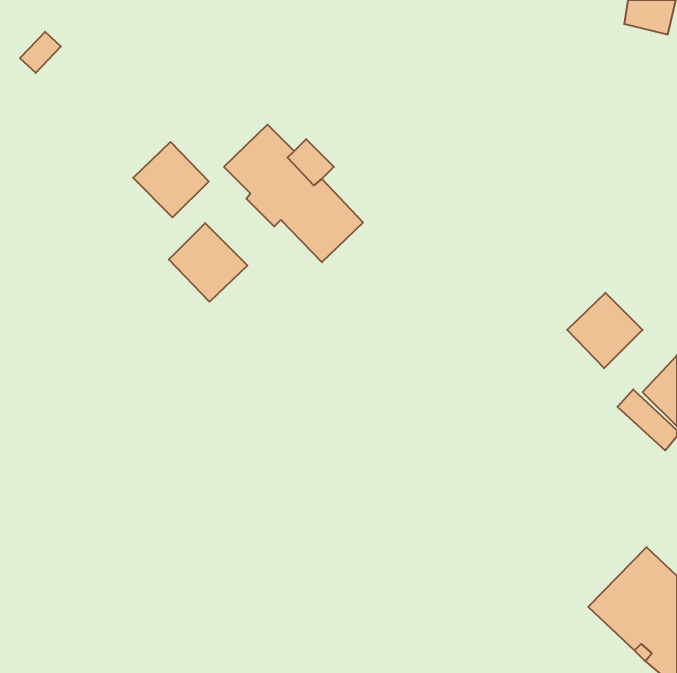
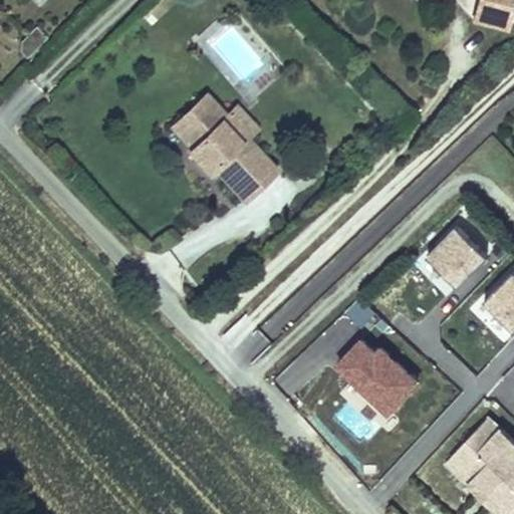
building: [133,142,209,217] -> none
building: [169,223,247,302] -> none
building: none -> [338,335,422,412]

